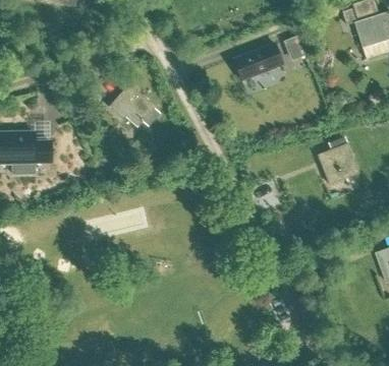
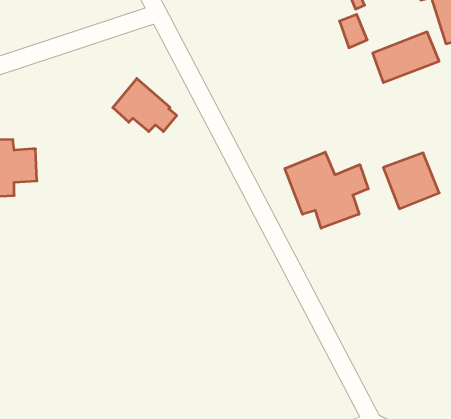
building: [232,43,283,81] -> [373,32,439,83]
building: none -> [285,152,368,228]

